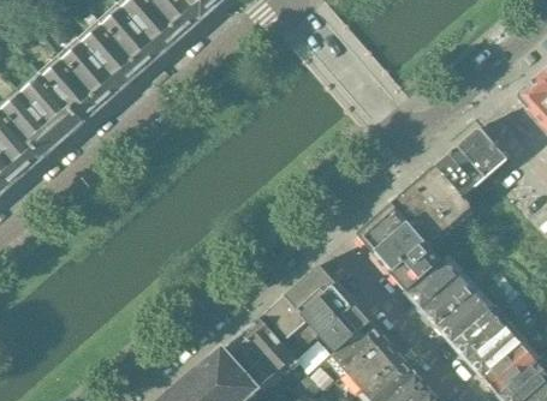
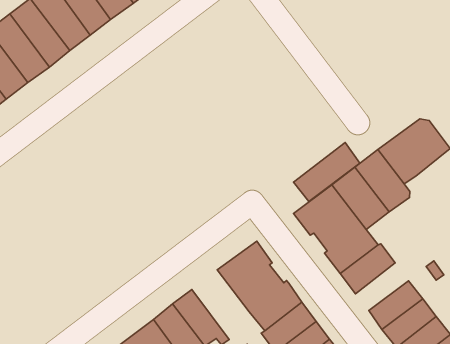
building: none -> [294,143,360,201]
building: [423,276,475,325] -> none
building: [266,295,319,346] -> none

